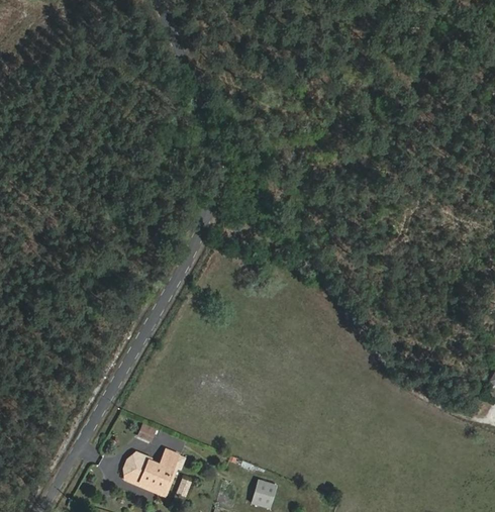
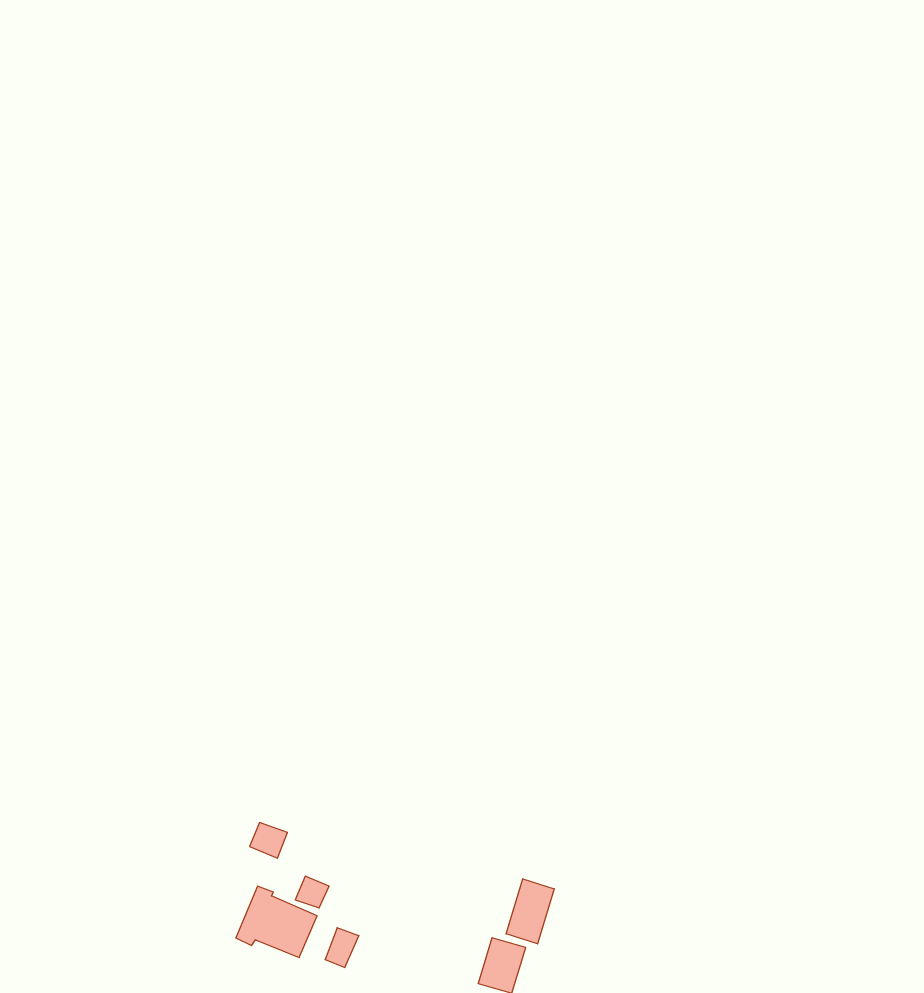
building: none -> [506,879,554,944]

